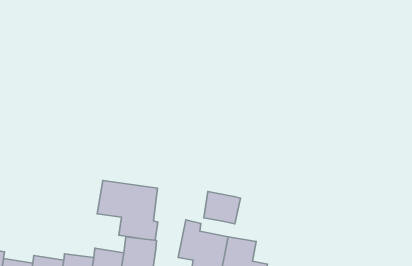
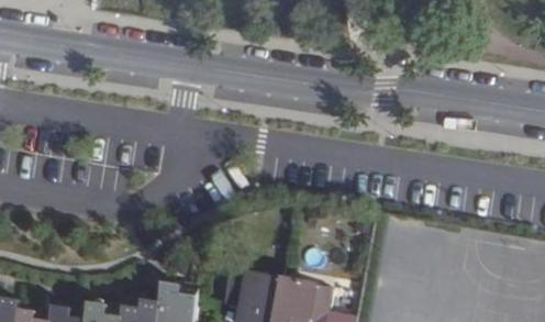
building: [97,180,158,240] -> none
building: [204,192,240,224] -> none

